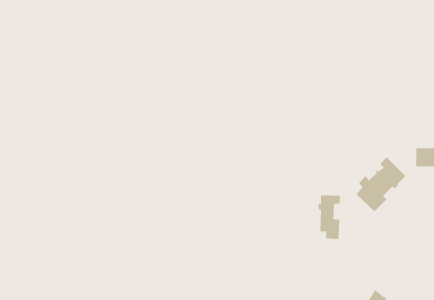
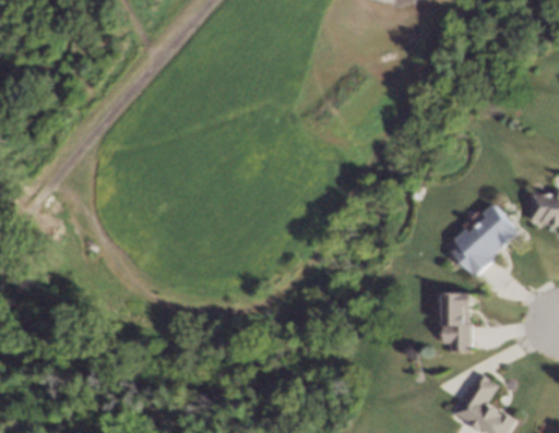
building: [318,195,341,239] -> [441,292,471,349]

